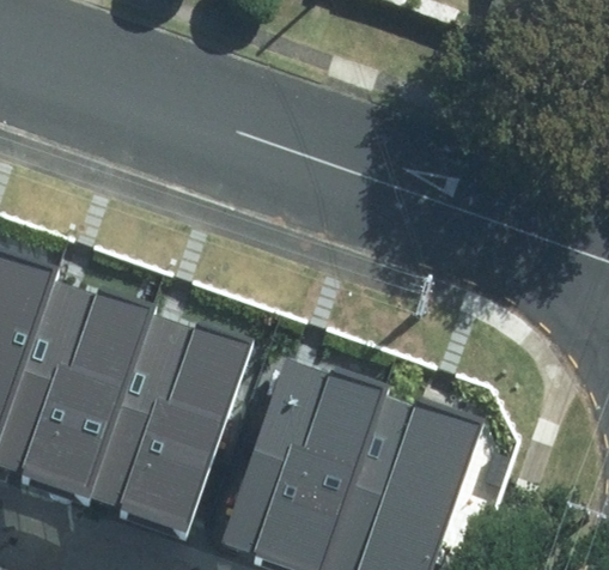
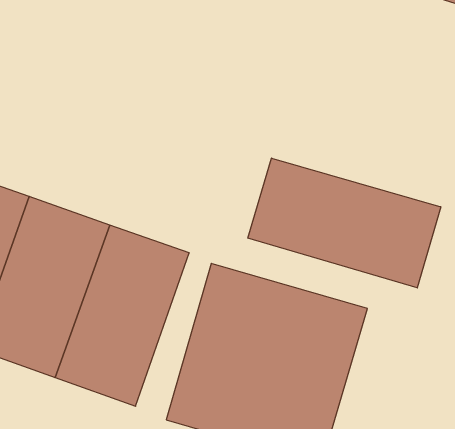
building: none -> [248,158,441,288]

